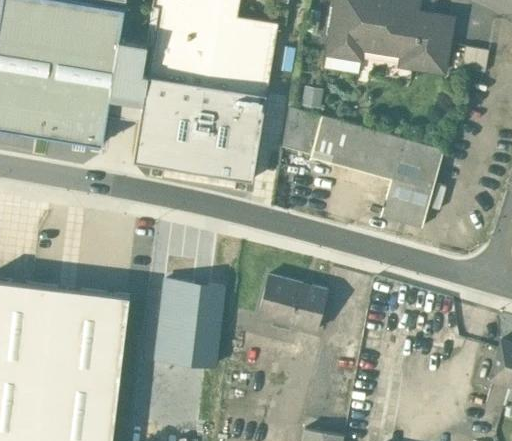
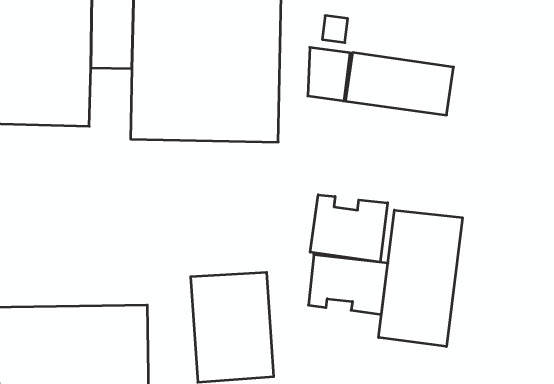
building: [381,139,443,227] -> none
building: none -> [310,195,388,262]
building: none -> [379,210,462,347]

